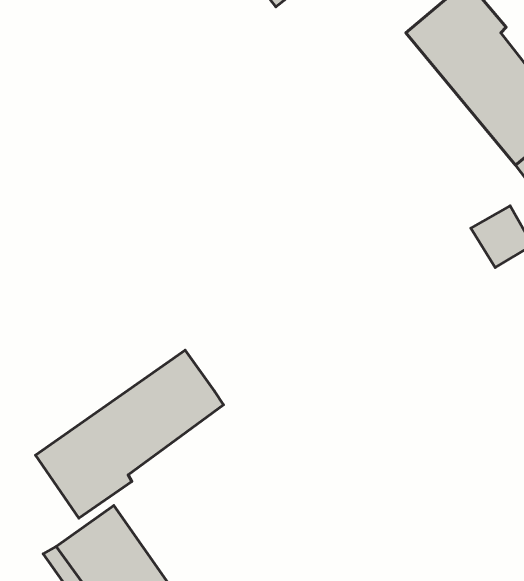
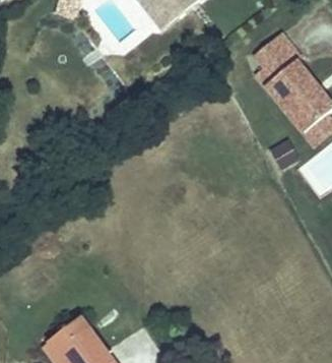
building: [36,350,224,518] -> none

